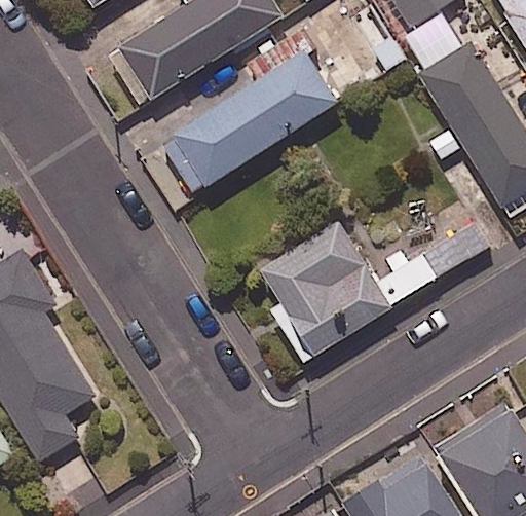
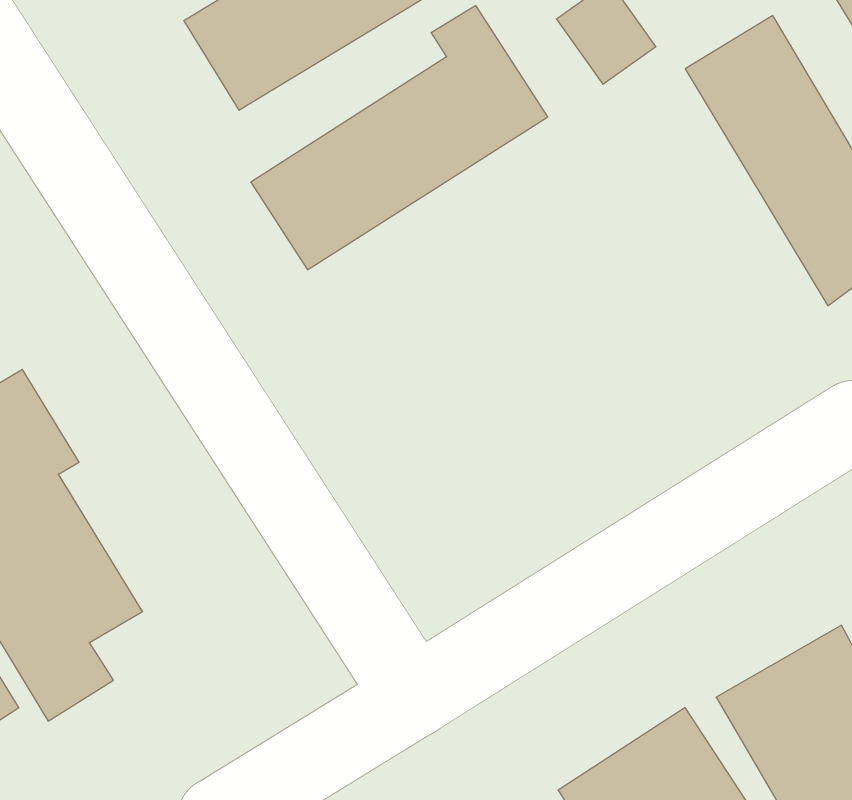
building: [259,205,488,362] -> none

